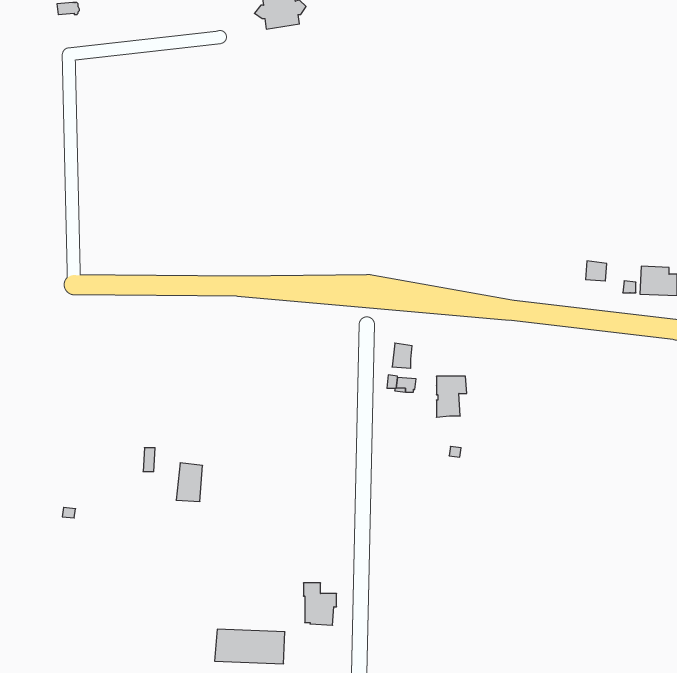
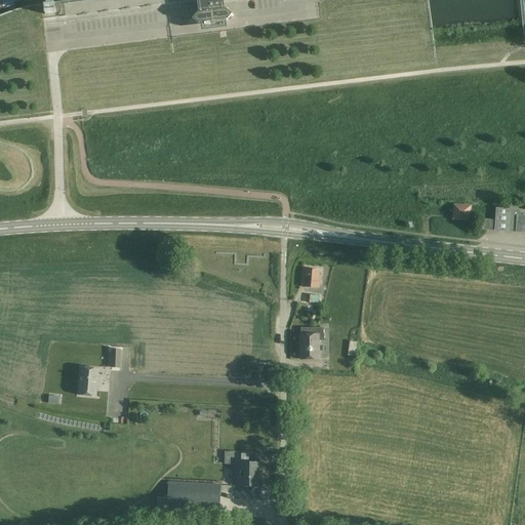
building: [436,376,467,417] -> [300,325,324,357]
building: [176,463,203,501] -> [78,364,98,394]

